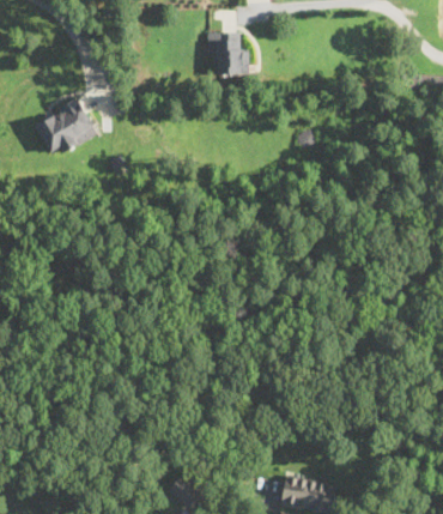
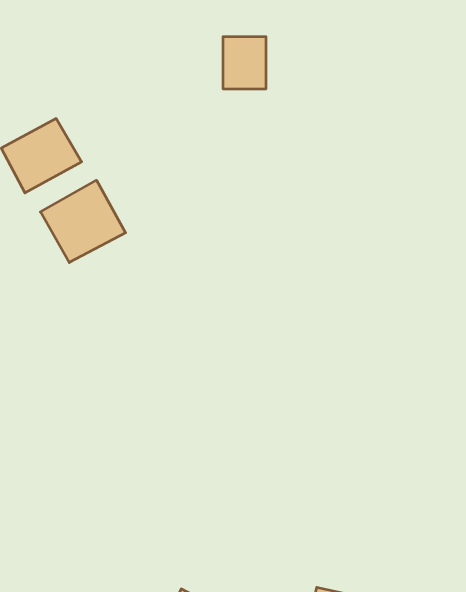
building: none -> [40,180,126,263]

